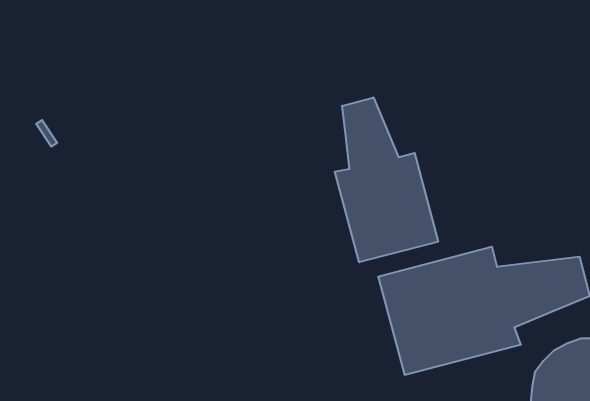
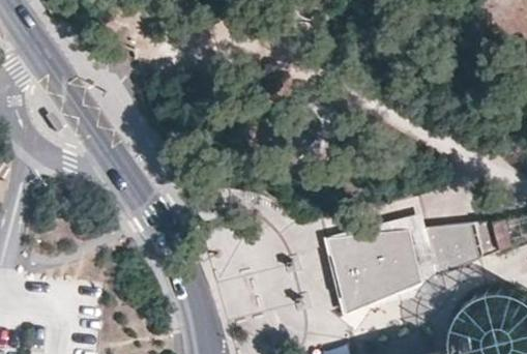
building: [335,97,438,262] -> none

